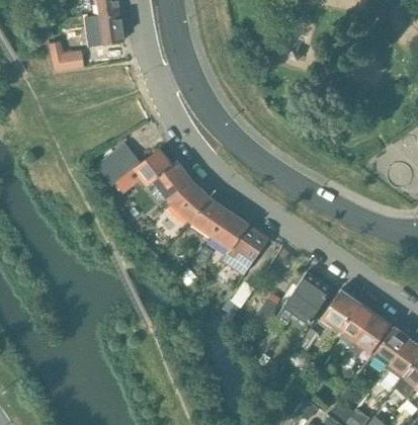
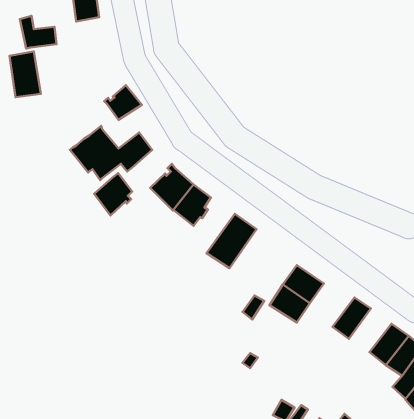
building: none -> [9,52,41,97]
building: none -> [104,85,142,120]
building: [155,161,190,200] -> [94,173,132,215]
building: [211,209,249,250] -> none
building: [322,289,360,330] -> none
building: [348,313,391,357] -> none

